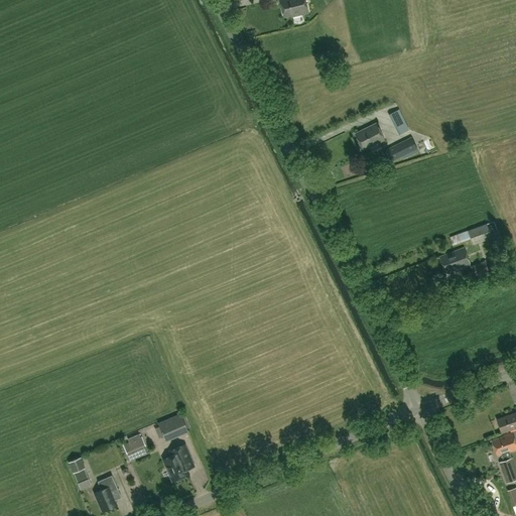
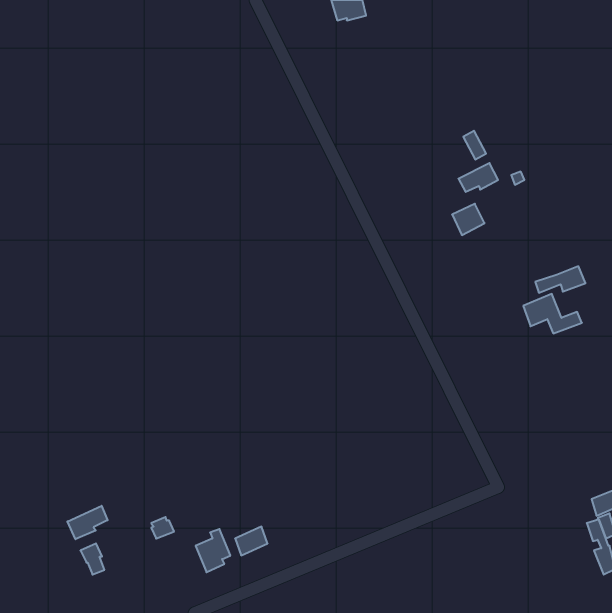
building: [357,124,384,150] -> [452,204,485,235]
building: [160,414,187,438] -> [235,527,268,555]
building: none -> [67,506,108,539]
building: [96,475,119,511] -> none

